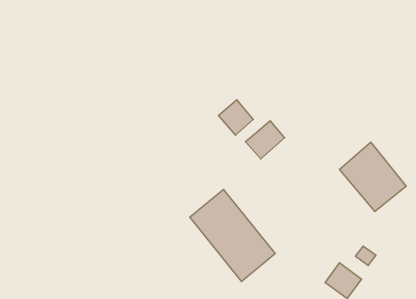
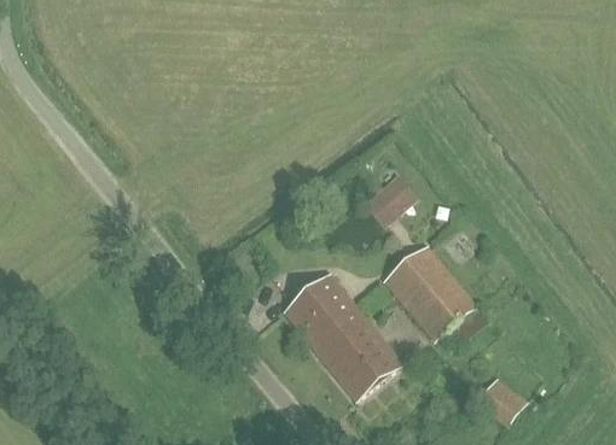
building: [218,100,253,135] -> none
building: [339,142,406,212] -> [380,242,476,341]

